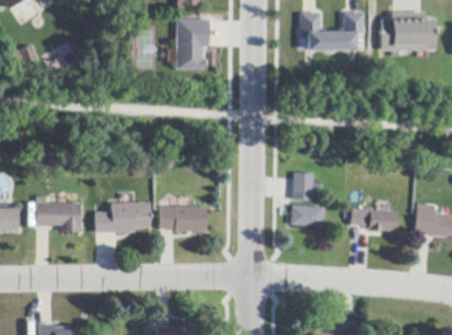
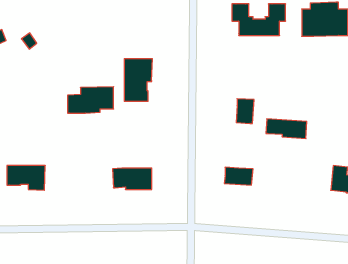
building: [176,19,209,69] -> [124,59,152,101]
building: [293,172,314,201] -> [236,99,254,123]
building: [96,202,150,233] -> [68,87,114,113]
building: [351,208,399,231] -> [266,119,307,139]

